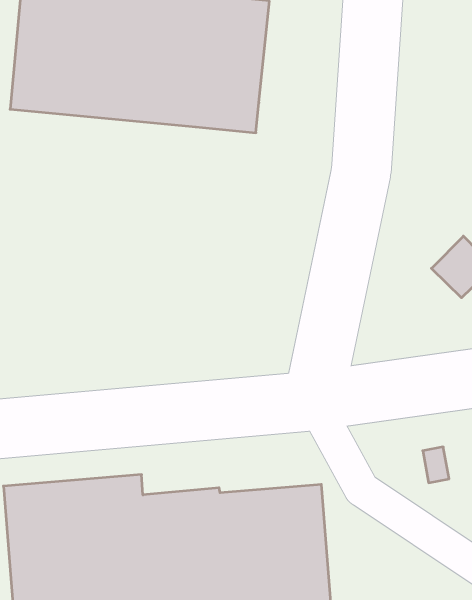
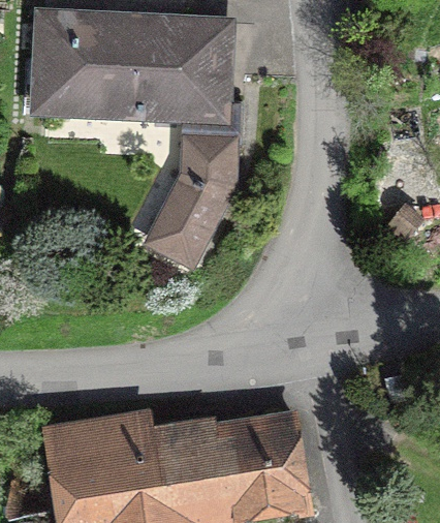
building: none -> [140,100,244,272]

